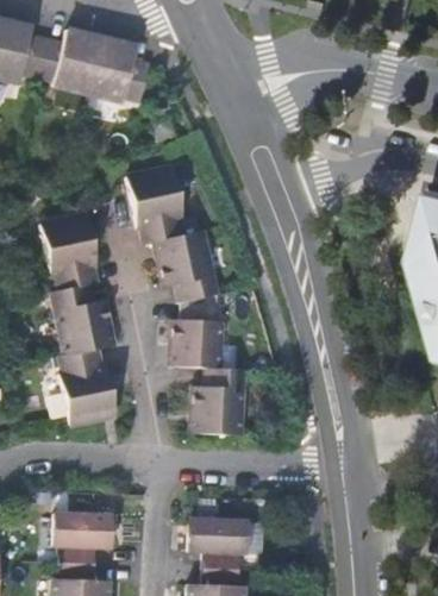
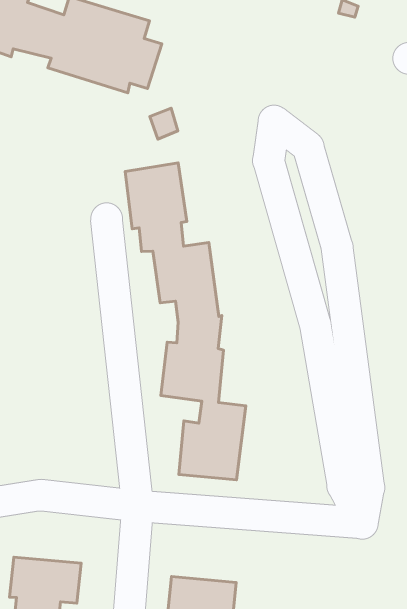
building: [39,217,114,437] -> none

